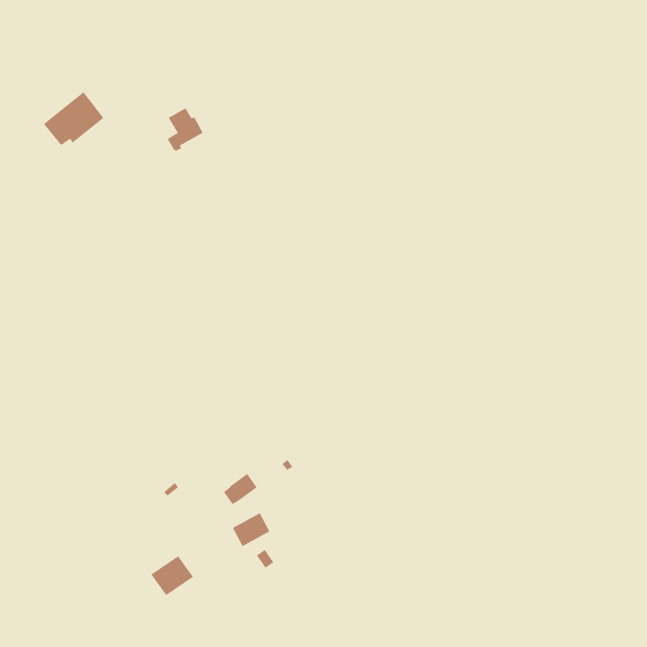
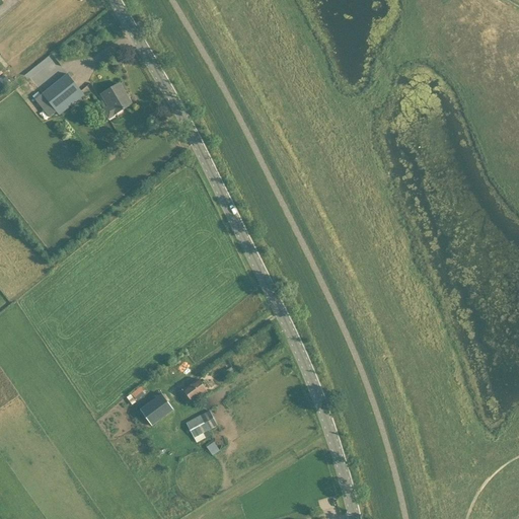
building: [167,108,204,152] -> [101,84,131,120]
building: [151,555,194,596] -> [139,392,173,425]

